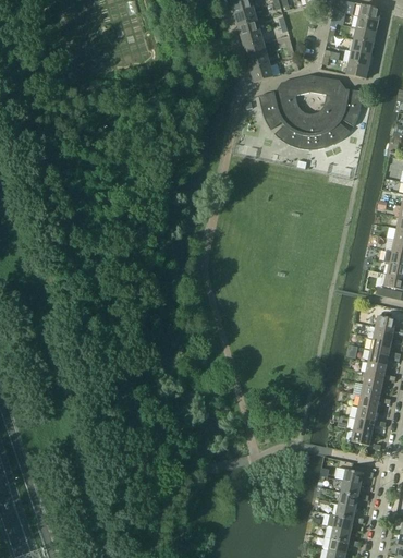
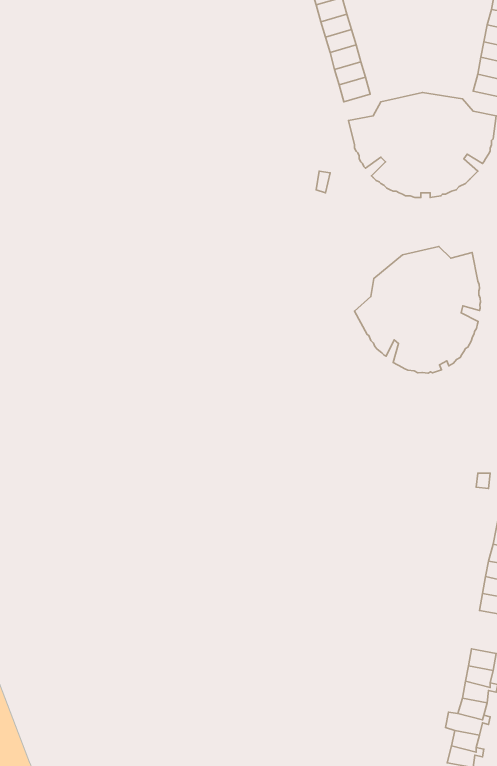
building: none -> [355,247,480,373]

